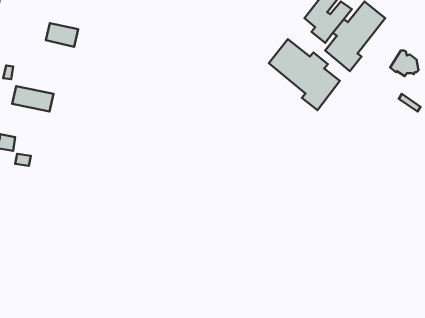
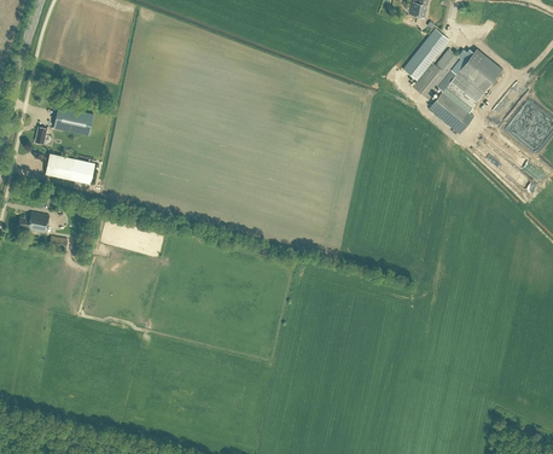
building: [46,23,78,47] -> [53,106,93,135]
building: [269,39,340,110] -> none

